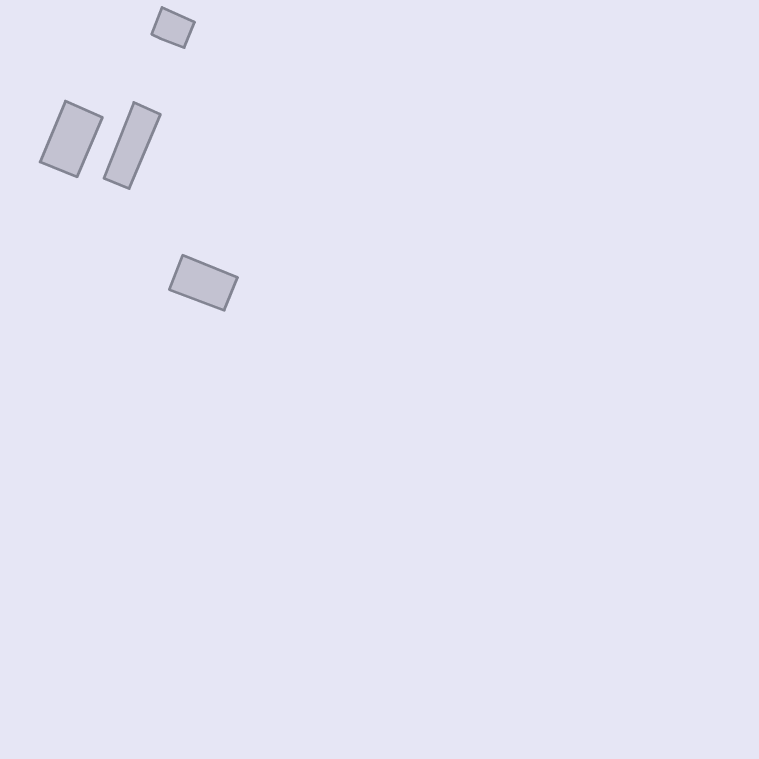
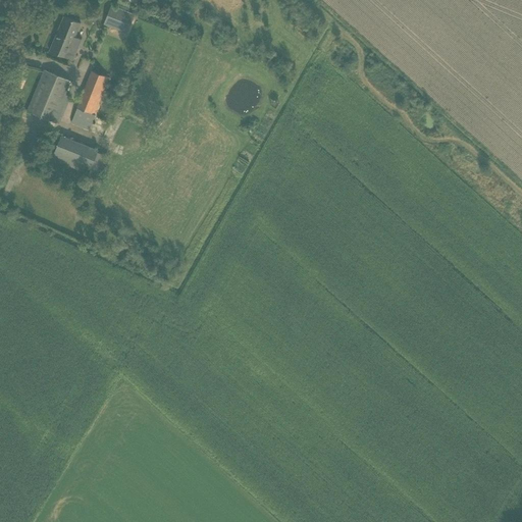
building: none -> [50,16,82,60]
building: [169,255,238,310] -> [51,136,98,173]

